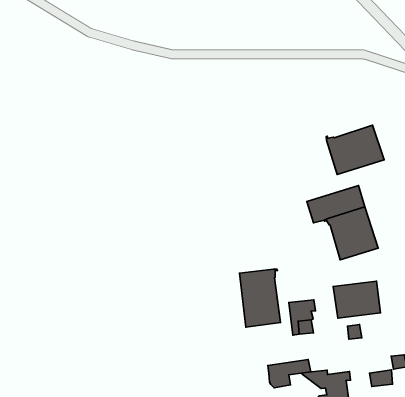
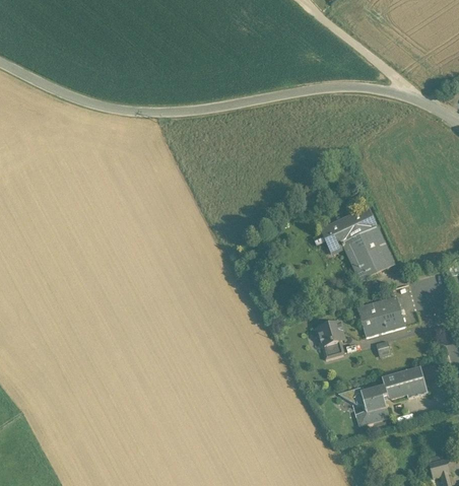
building: [326,125,384,174] -> none
building: [239,269,280,327] -> none
building: [268,360,311,388] -> [382,366,423,398]

